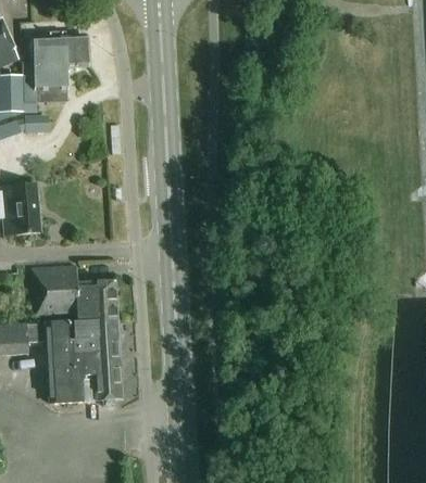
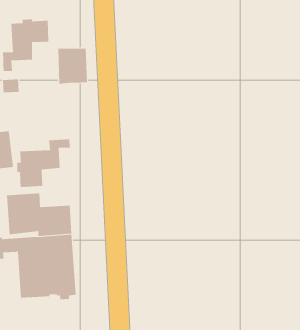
building: none -> [58,48,88,84]
building: none -> [17,139,70,188]

